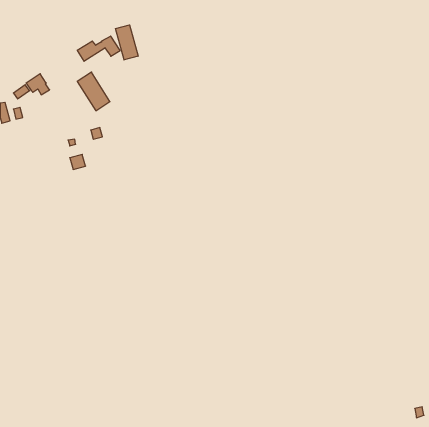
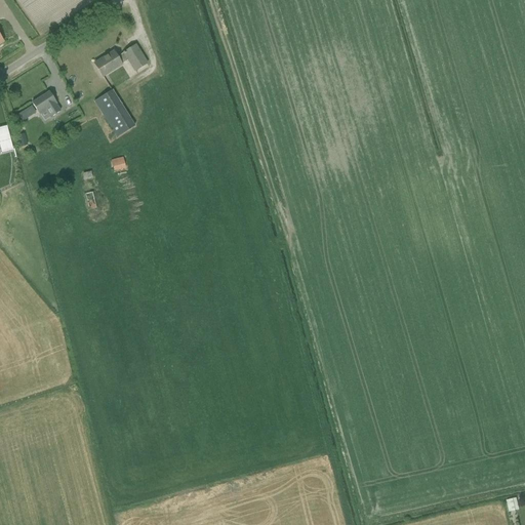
building: [115,25,138,60] -> none

